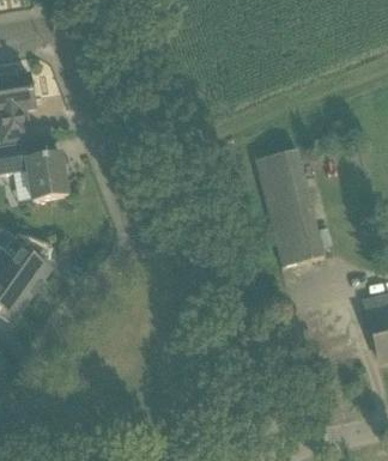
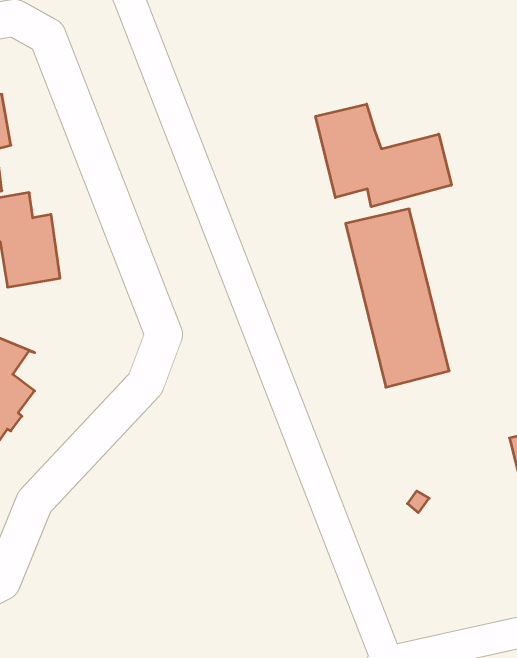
building: none -> [316,104,451,207]

